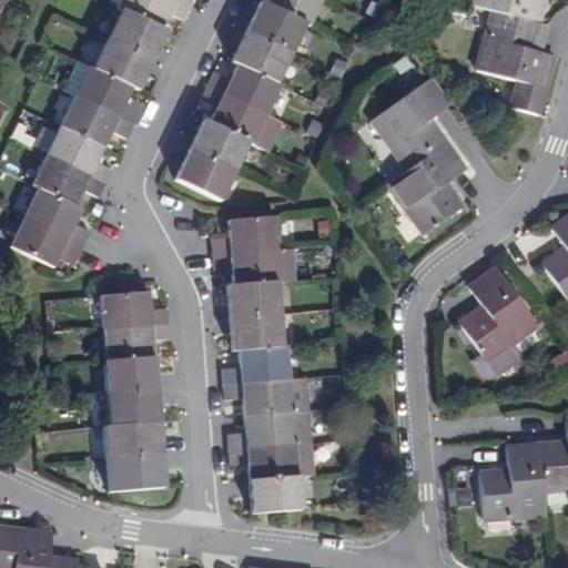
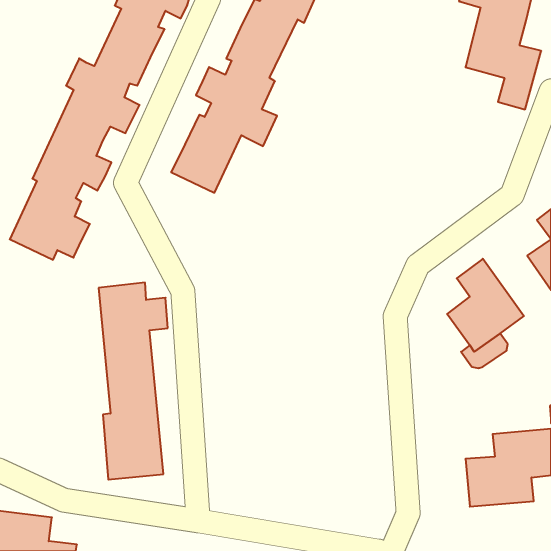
building: [371,77,465,233] -> none
building: [213,213,316,513] -> none

